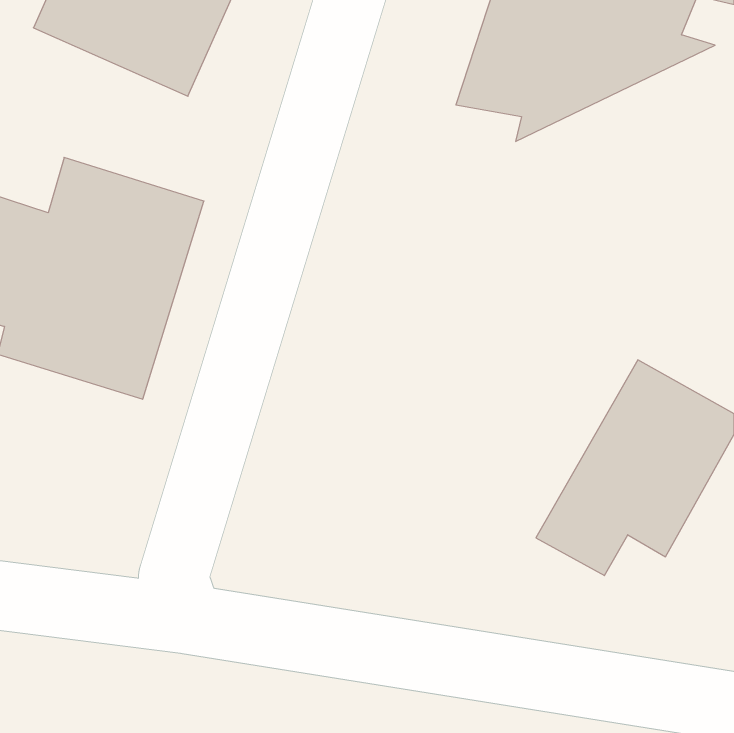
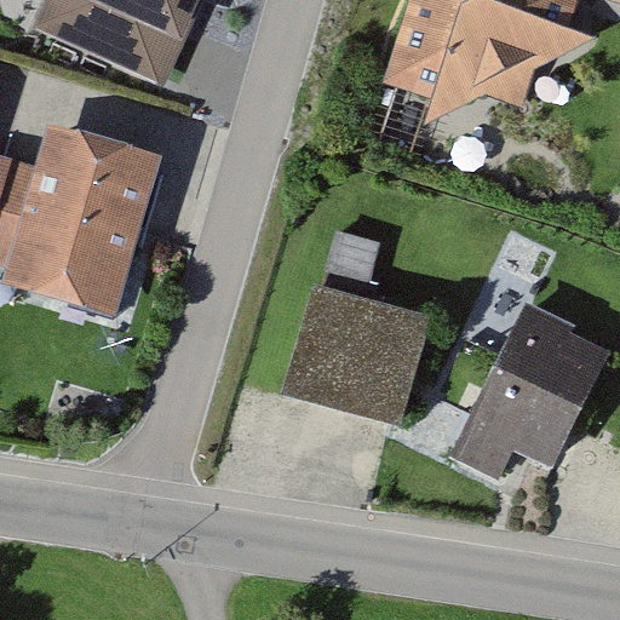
building: none -> [281,234,423,425]

